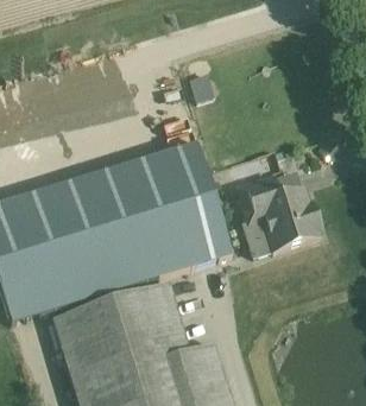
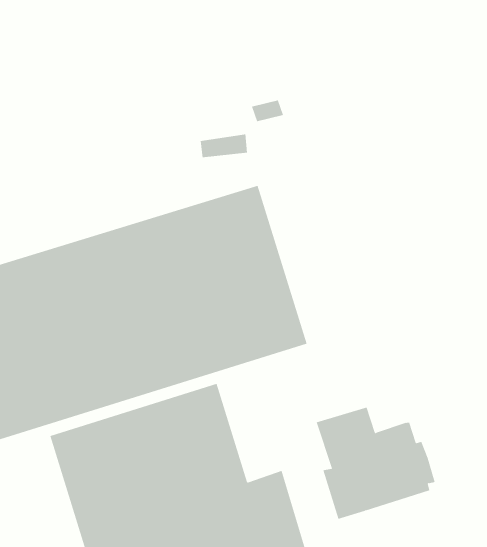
building: [239,175,322,253] -> [316,407,435,520]

